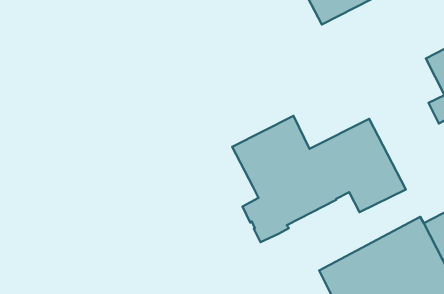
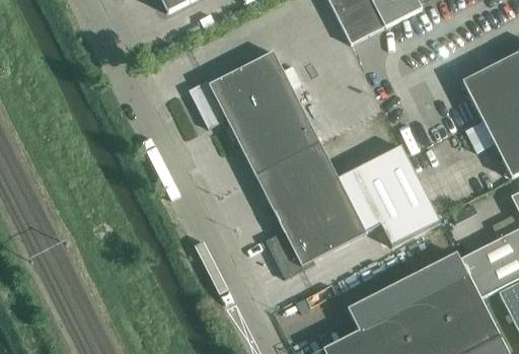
building: none -> [189,51,320,175]

